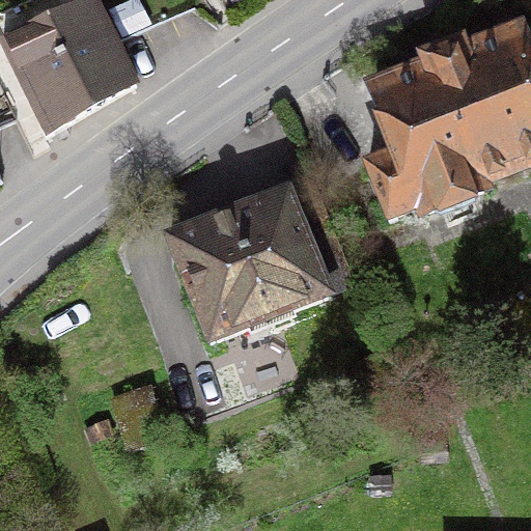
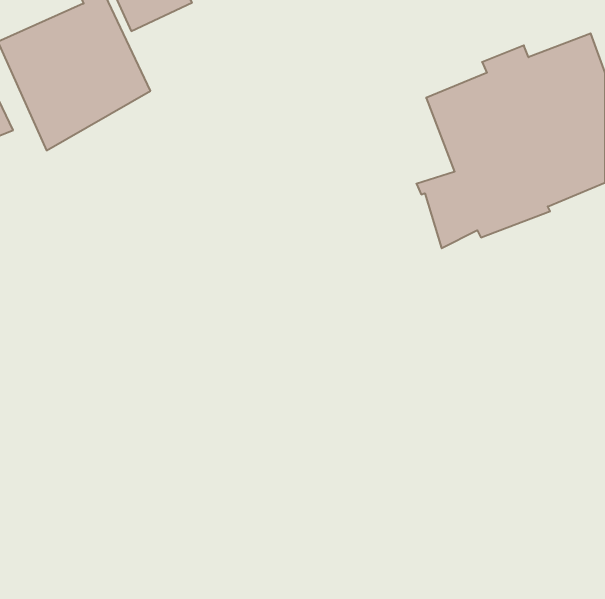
building: [166,178,348,337] -> none

